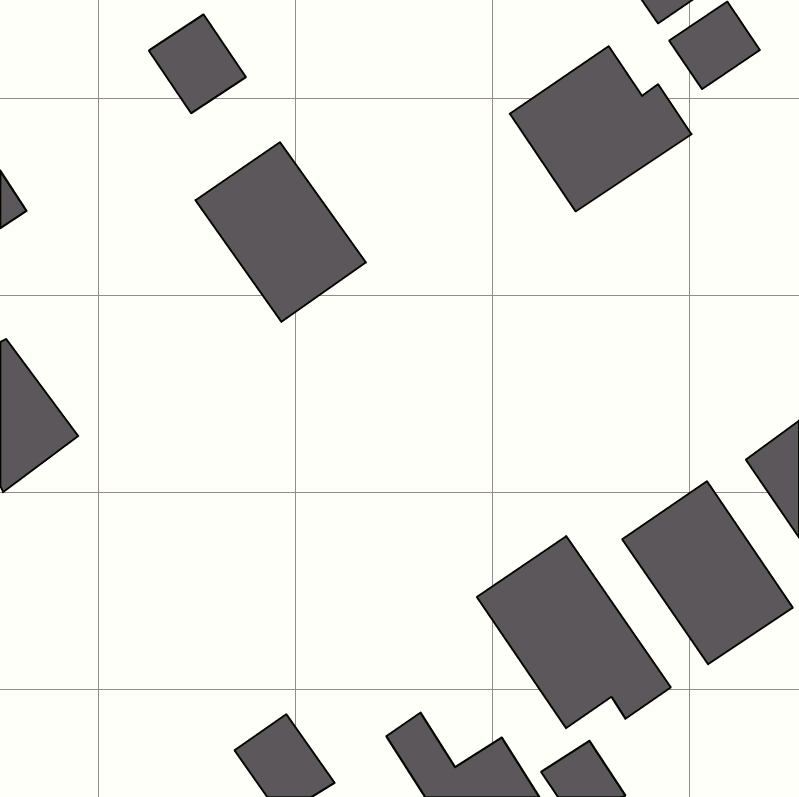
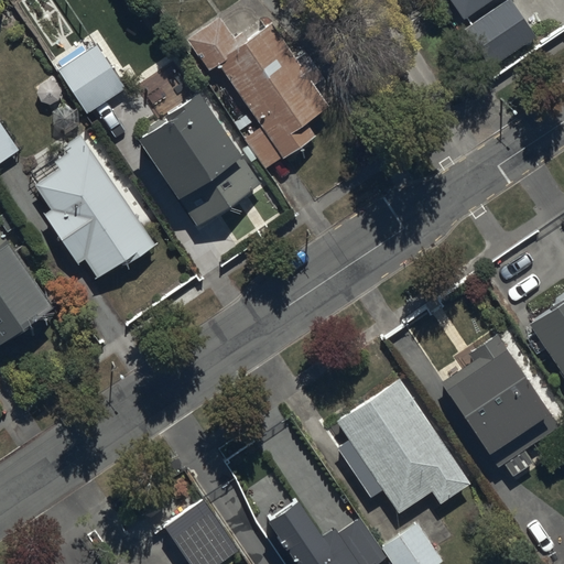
building: [149,15,246,113] -> [57,43,126,112]
building: none -> [184,17,335,173]
building: [510,46,692,211] -> none
building: none -> [32,145,154,281]

